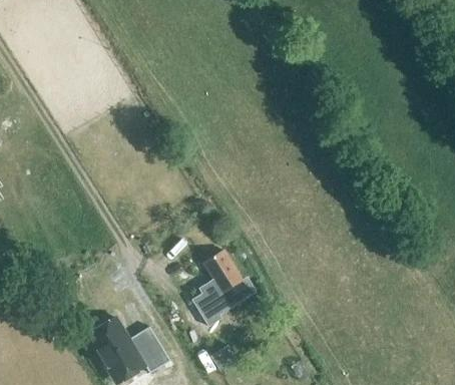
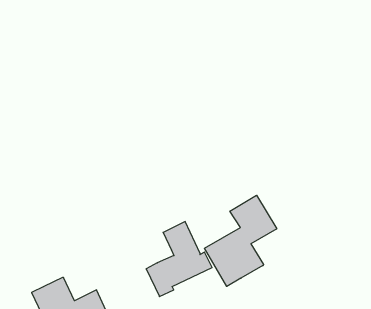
building: none -> [204,195,277,286]

